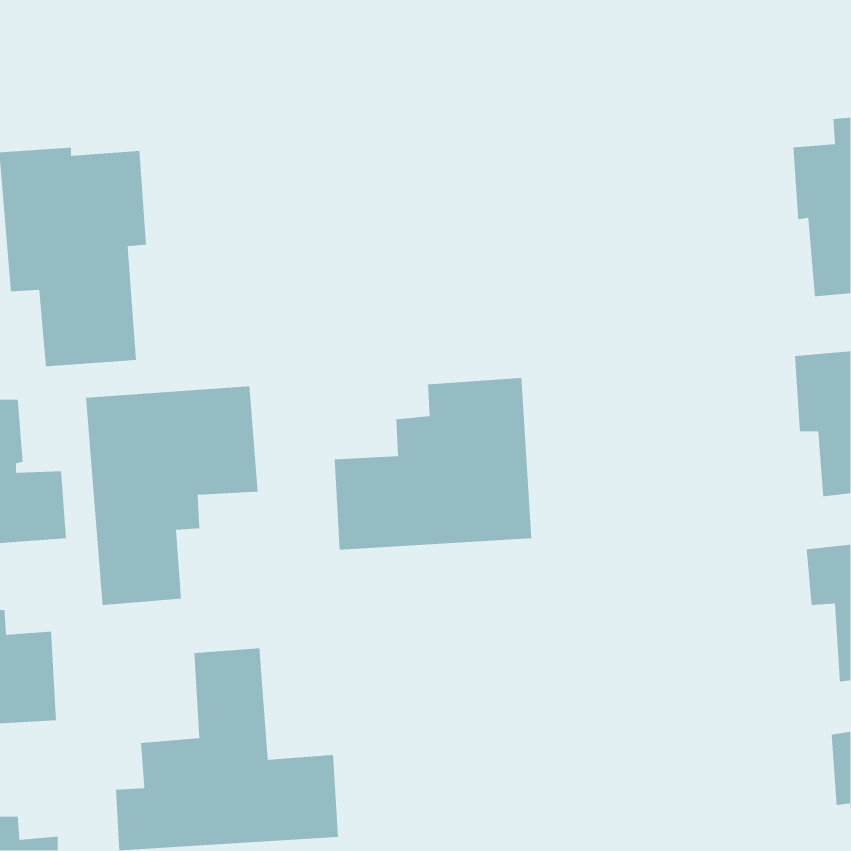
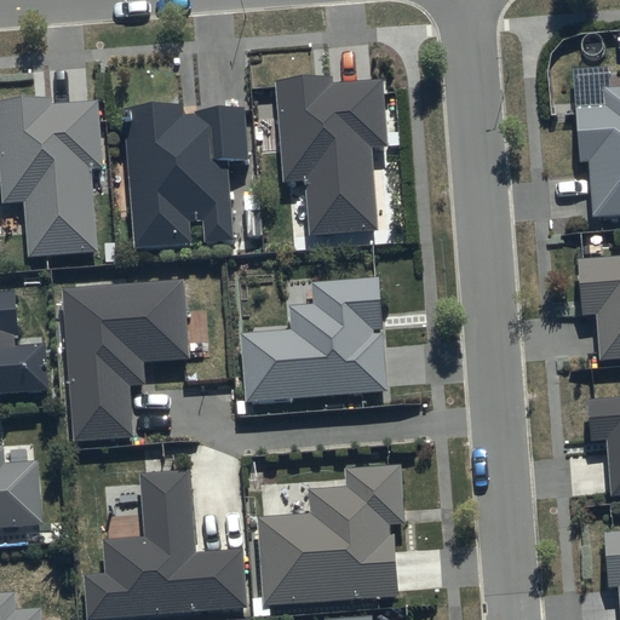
building: none -> [279,86,391,245]
building: none -> [128,111,252,252]
building: none -> [257,465,403,605]

